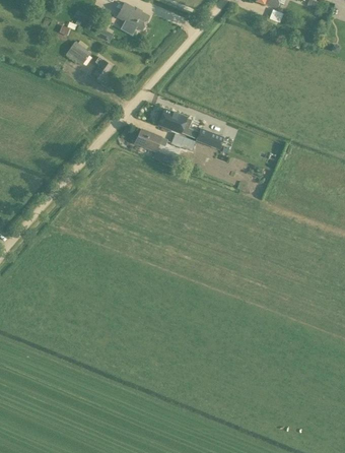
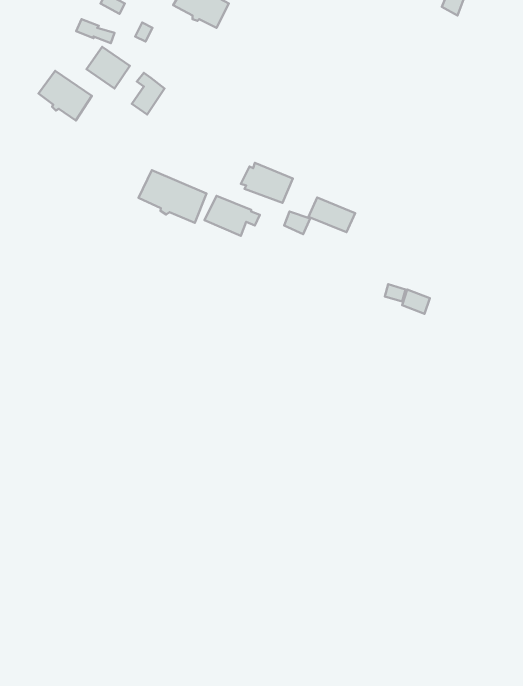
building: none -> [38,71,92,120]
building: none -> [139,170,206,223]

